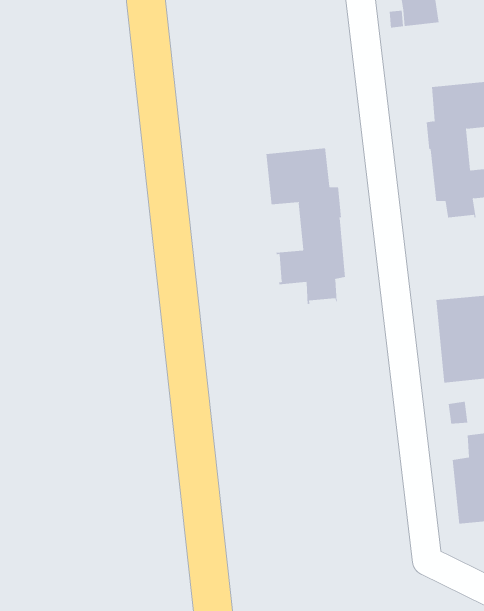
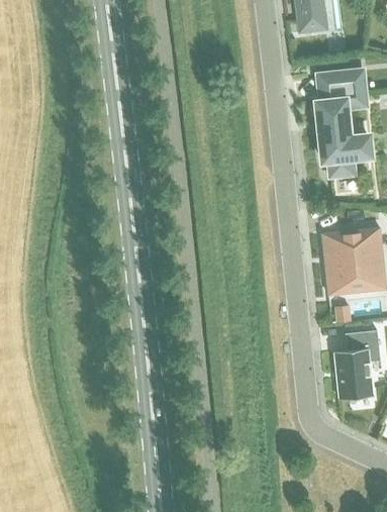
building: [266,148,346,305] -> none

